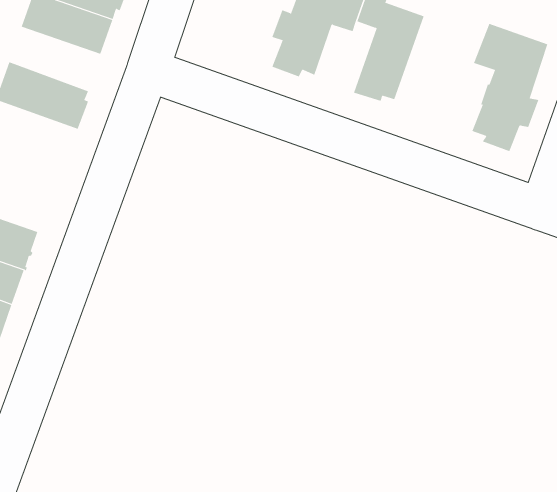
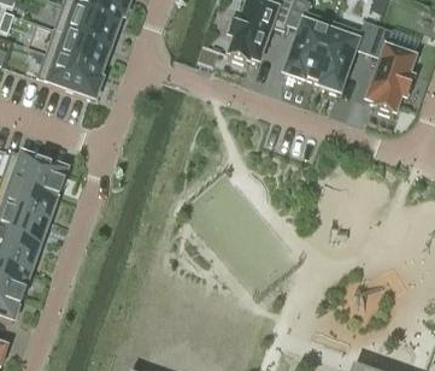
building: none -> [313,20,378,93]
building: none -> [46,28,110,72]

